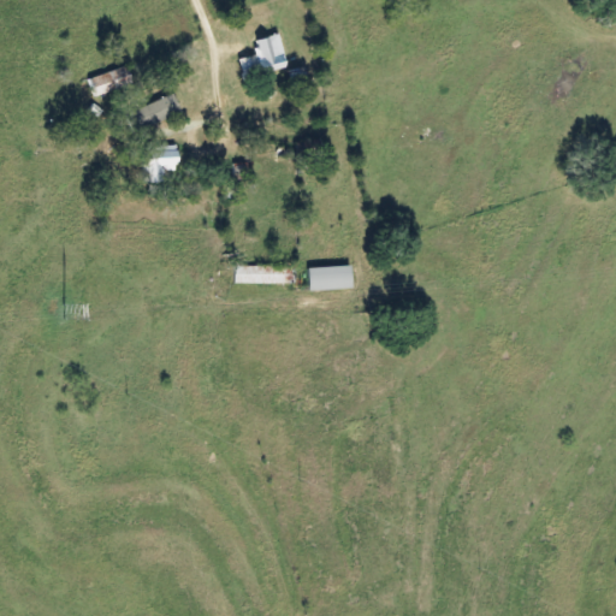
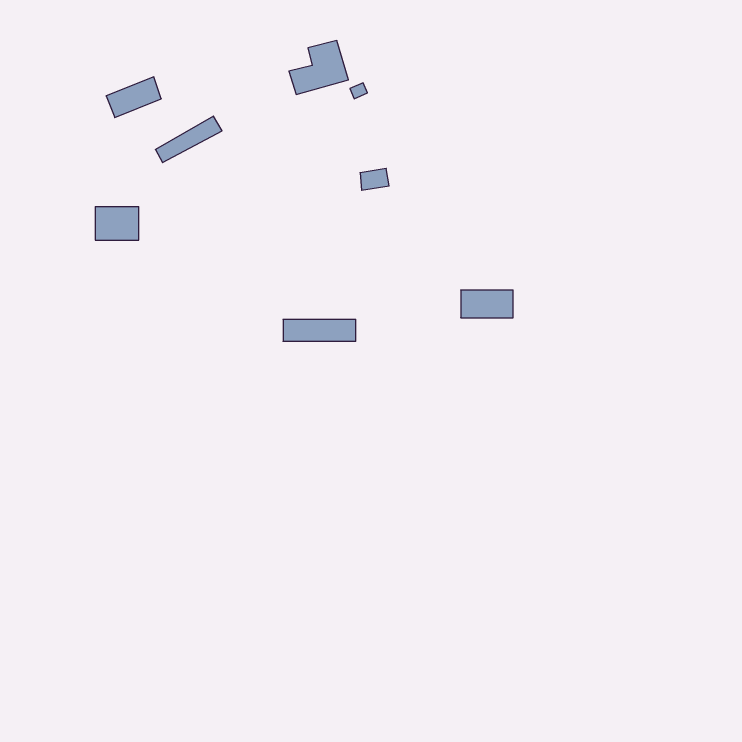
building: [142,146,178,173] -> [95,207,139,240]
building: [309,266,353,289] -> [461,290,513,318]

